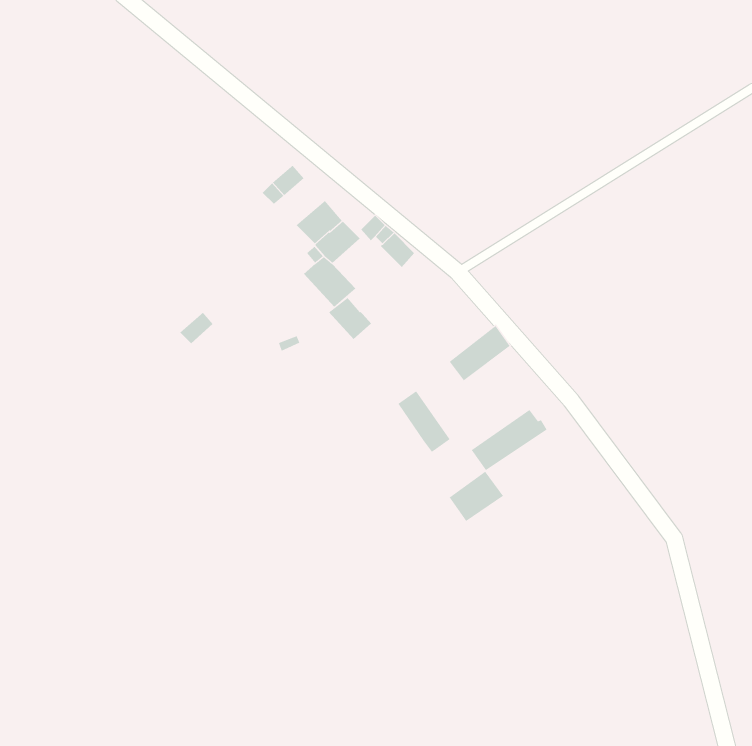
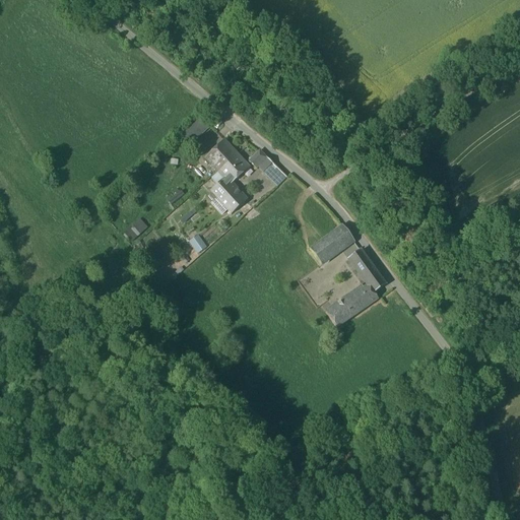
building: [328,297,372,340] -> none
building: [397,391,450,452] -> [348,248,385,290]
building: [449,471,504,522] -> none

